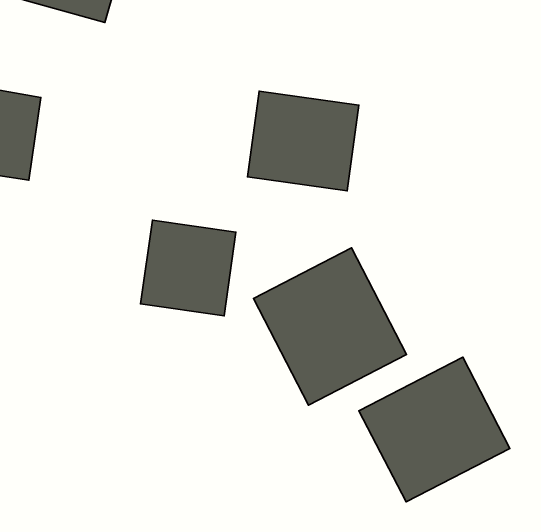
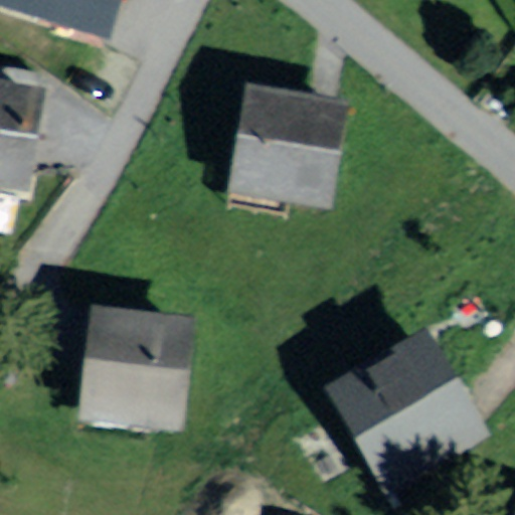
building: [141,220,236,316] -> [88,311,177,400]
building: [254,248,406,405] -> none

